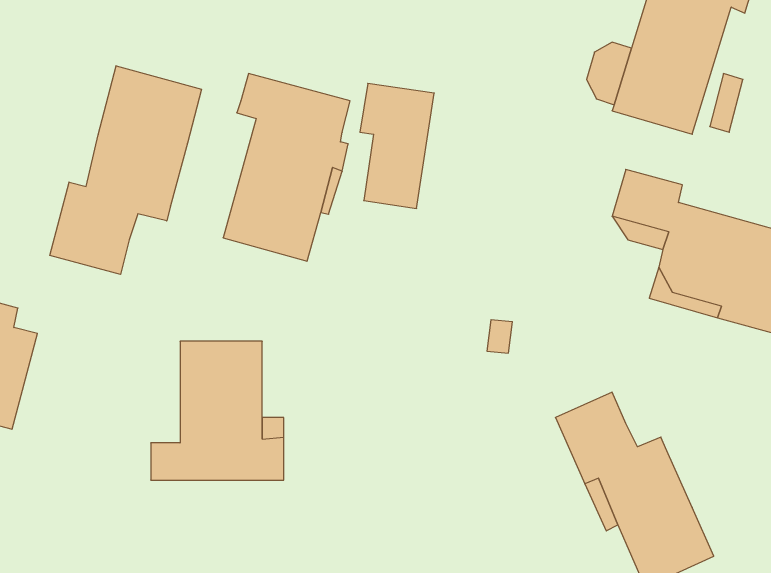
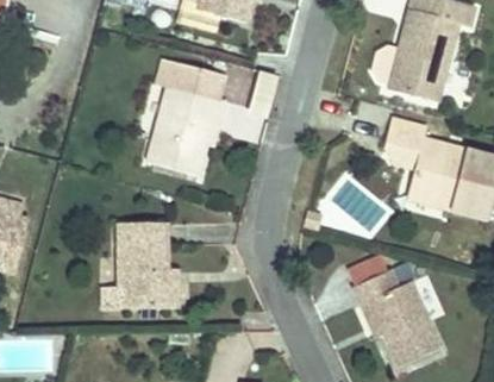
building: [50,66,201,274] -> none

